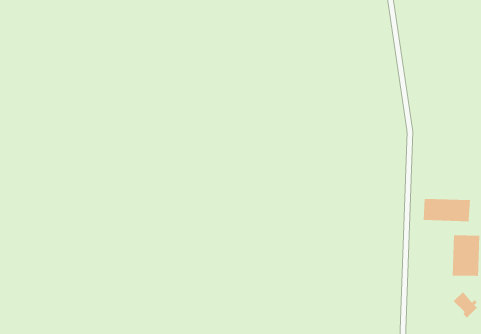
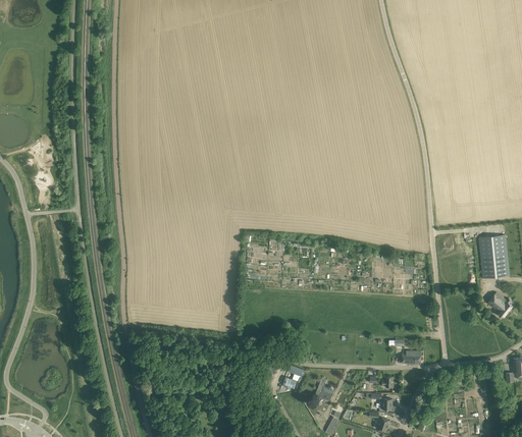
building: [423,198,471,222] -> none

